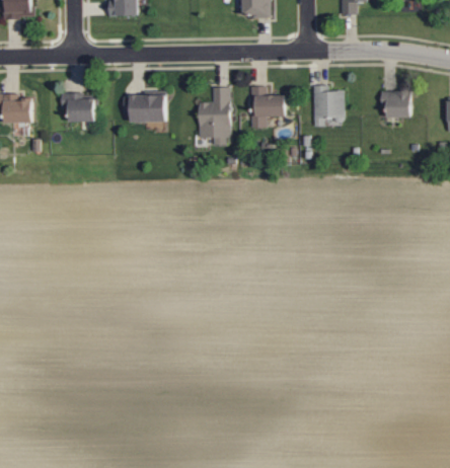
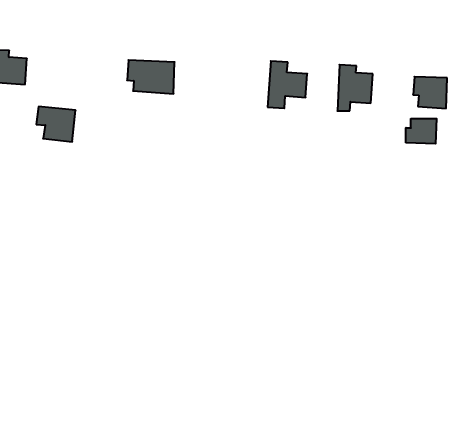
building: [199,87,230,138] -> none
building: [61,92,95,122] -> [36,107,76,142]
building: none -> [406,119,437,144]

